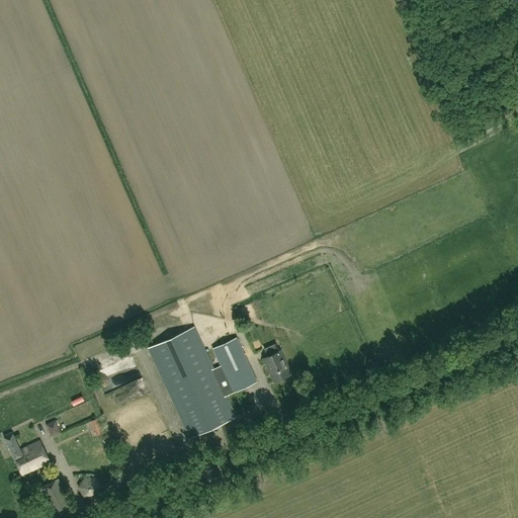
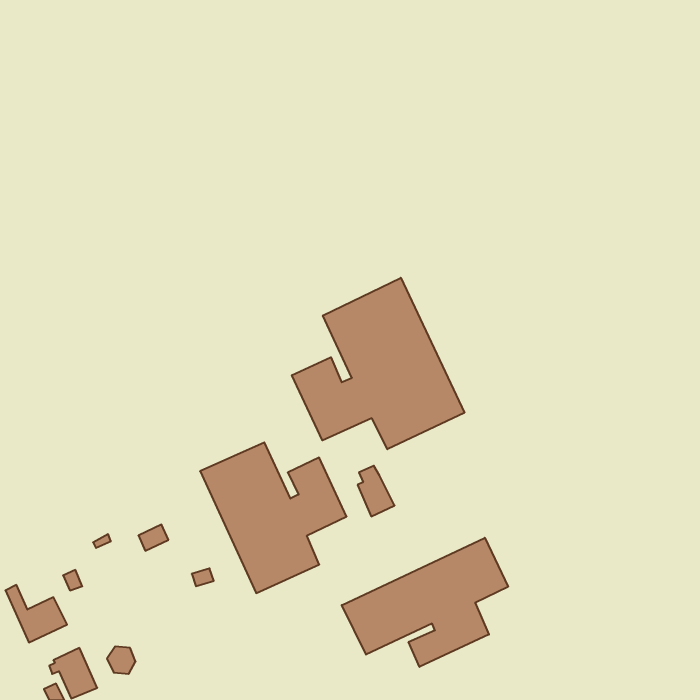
building: none -> [292,278,464,449]
building: none -> [342,538,508,667]

